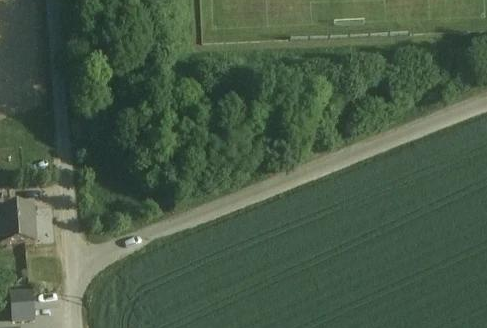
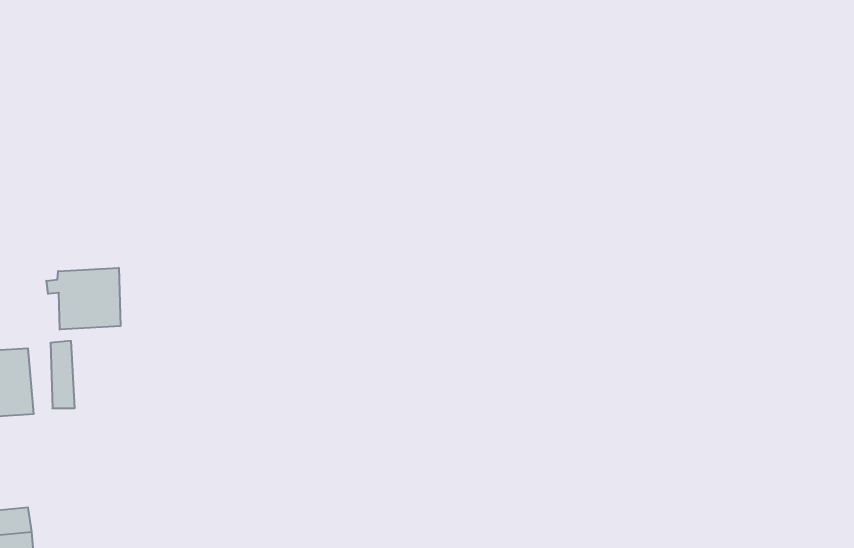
building: none -> [46,268,120,330]

